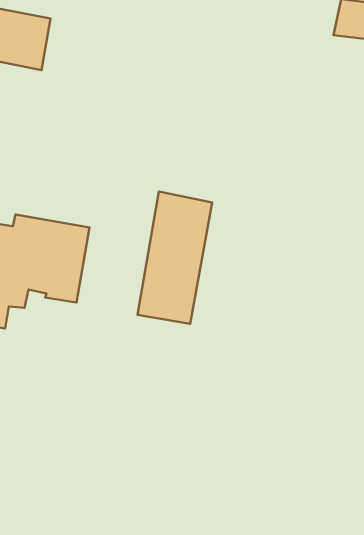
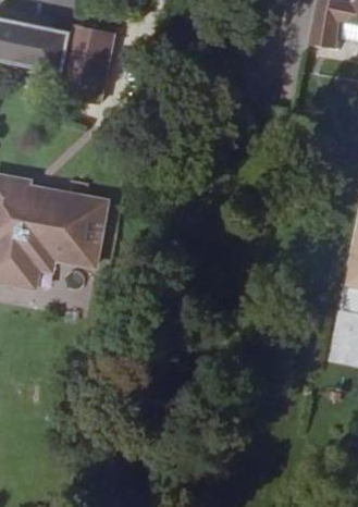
building: none -> [60,25,113,104]
building: [138,191,212,324] -> none

